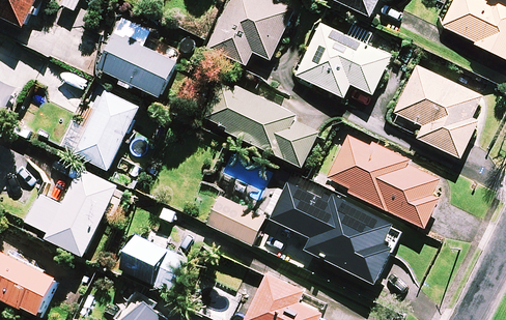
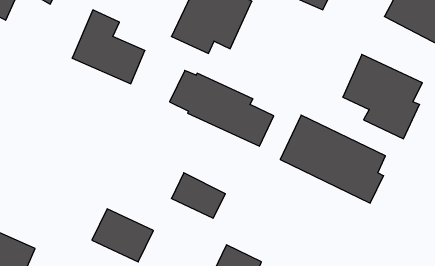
building: [293,23,390,96] -> none
building: [69,89,138,170] -> none
building: [23,168,117,256] -> none
building: [269,180,401,284] -> none

